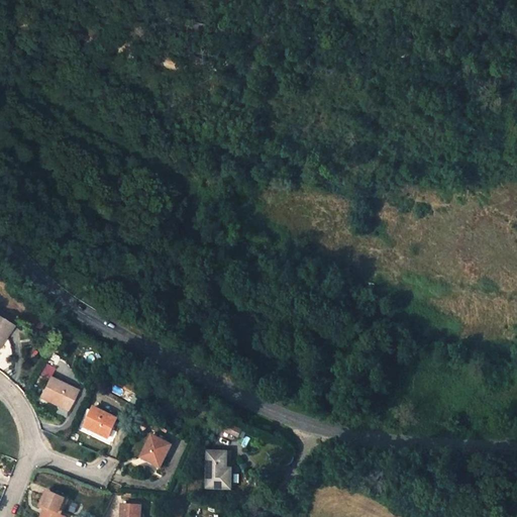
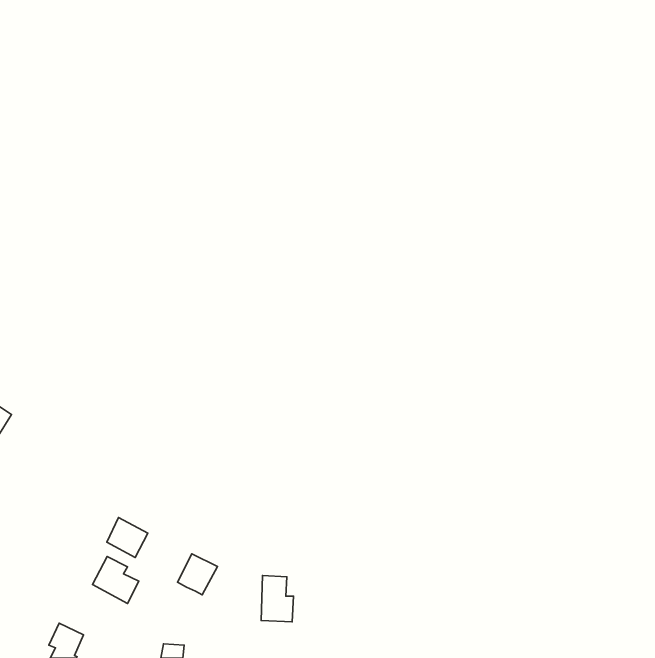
building: [38,377,74,410] -> none
building: none -> [93,557,139,604]

